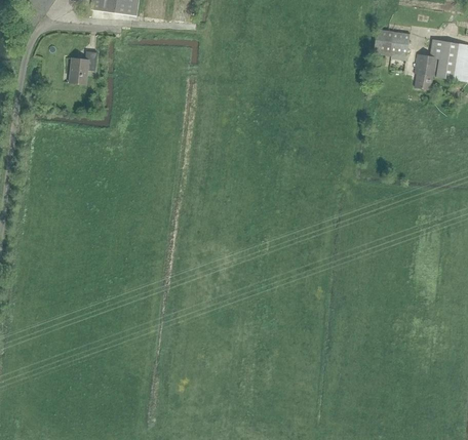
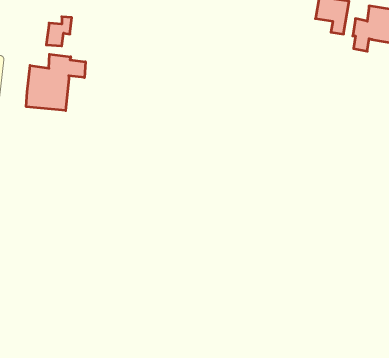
building: none -> [26,54,85,111]

